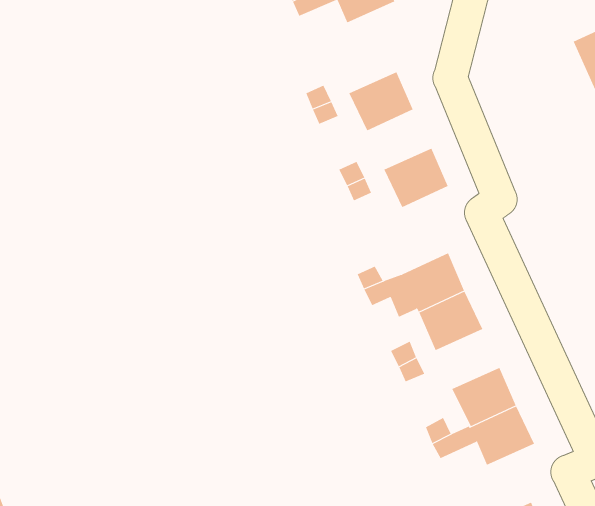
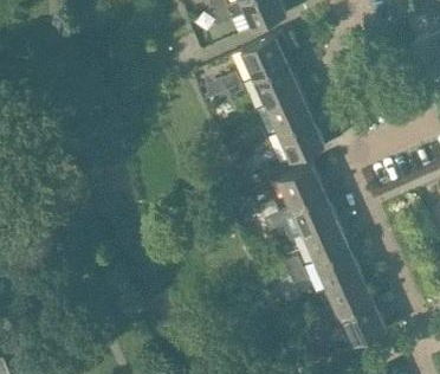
building: none -> [240,32,287,79]
building: none -> [265,91,311,134]
building: none -> [277,165,323,208]
building: none -> [313,247,360,290]

